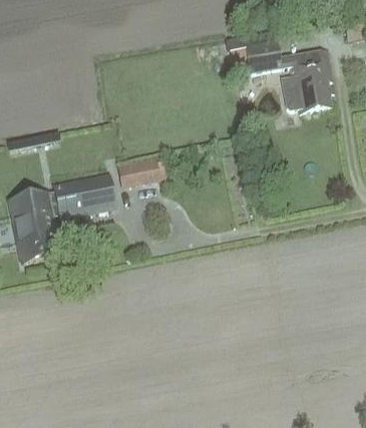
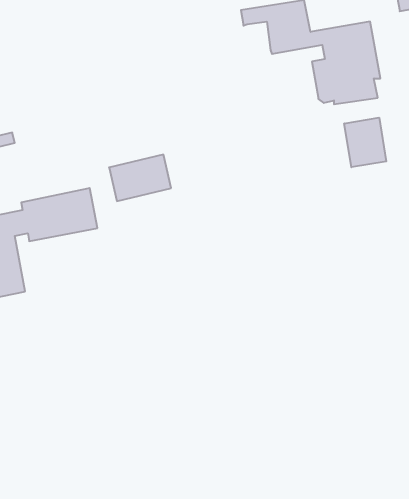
building: none -> [344,118,386,167]

